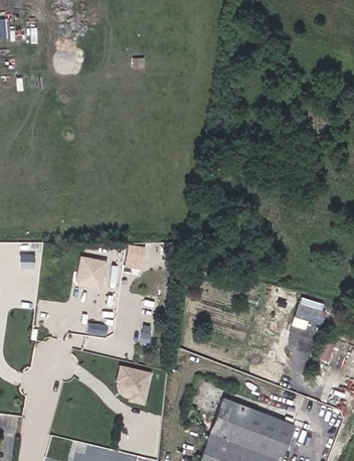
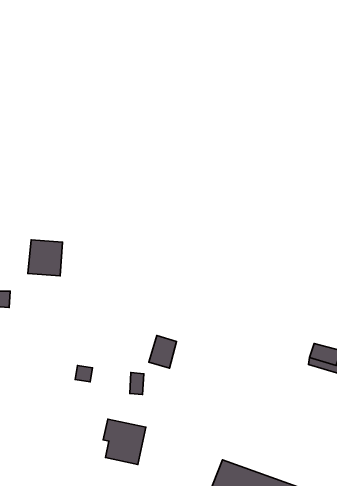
building: [126,242,150,270] -> [149,336,177,368]
building: [78,257,109,288] -> [28,240,62,276]

